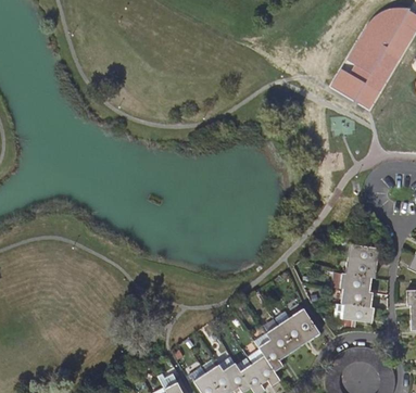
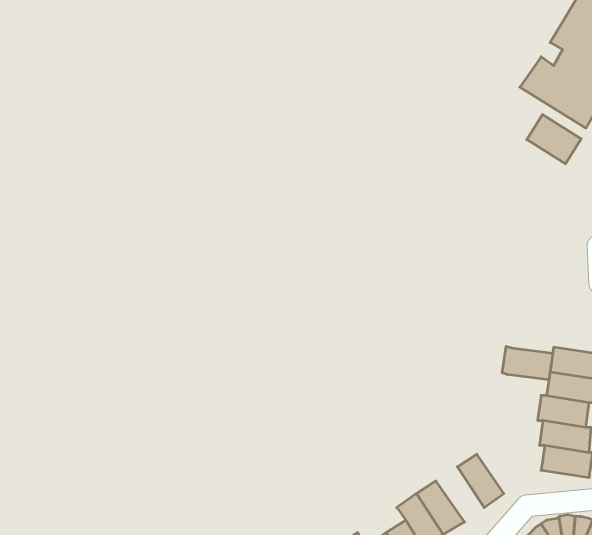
building: none -> [527,115,581,164]
building: none -> [502,346,553,380]
building: [276,310,307,350] -> none

